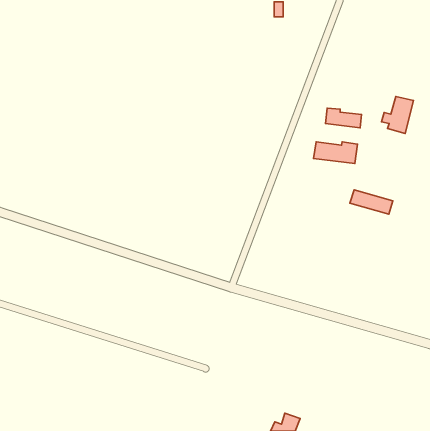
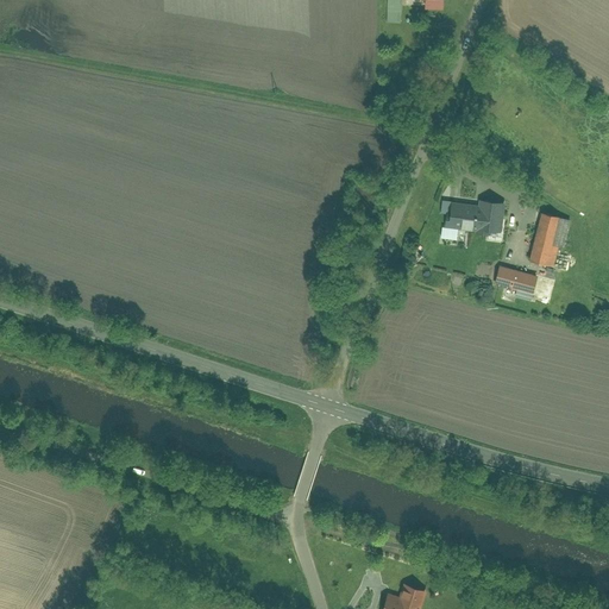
building: [382,96,414,134] -> [521,215,566,268]
building: [325,108,361,128] -> none

